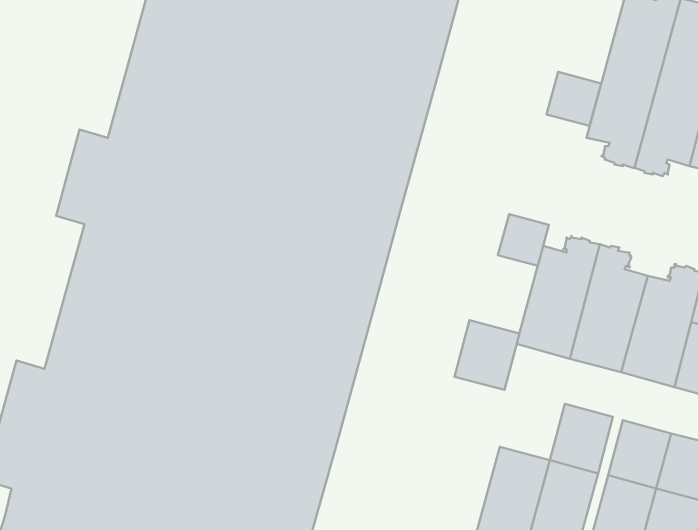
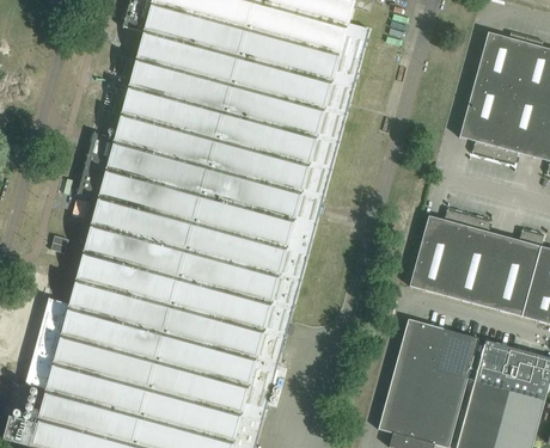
building: [547,72,601,126] -> none
building: [498,214,549,266] -> none
building: [455,320,519,390] -> [397,319,444,369]

